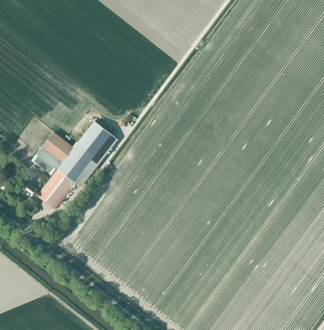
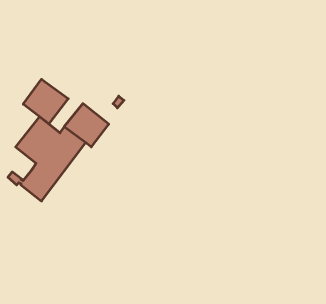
building: none -> [23,79,68,124]

